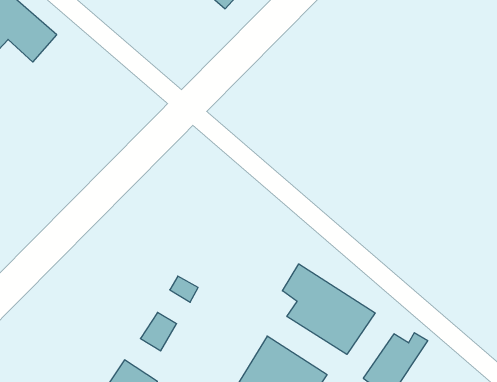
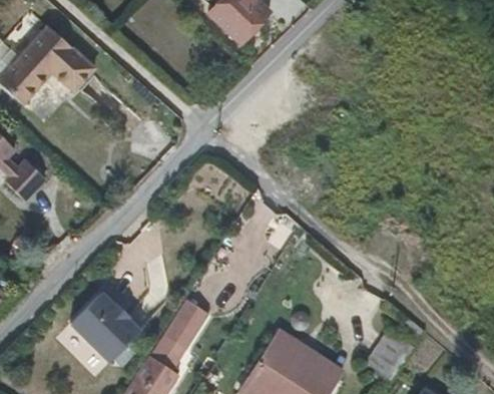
building: [282,264,375,354] -> none
building: none -> [72,293,141,362]

